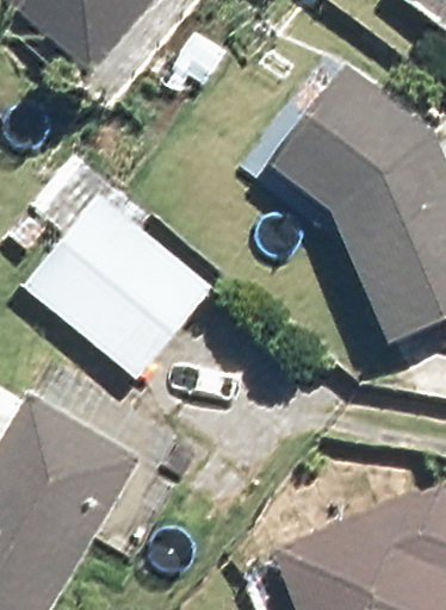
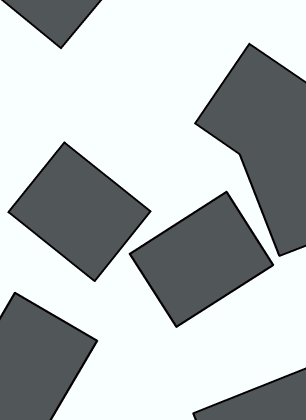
building: none -> [130,192,273,327]

